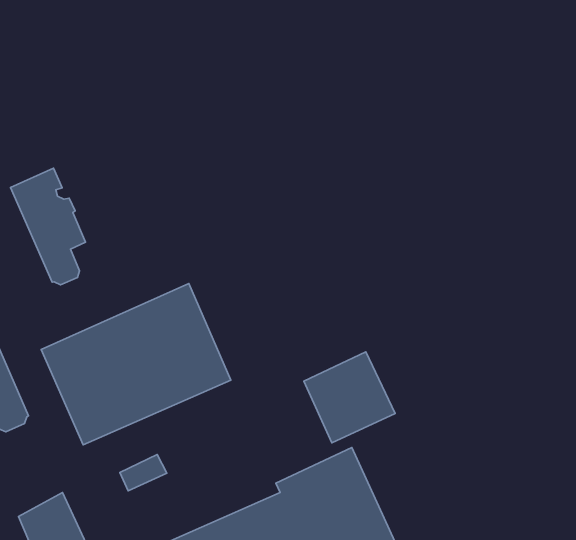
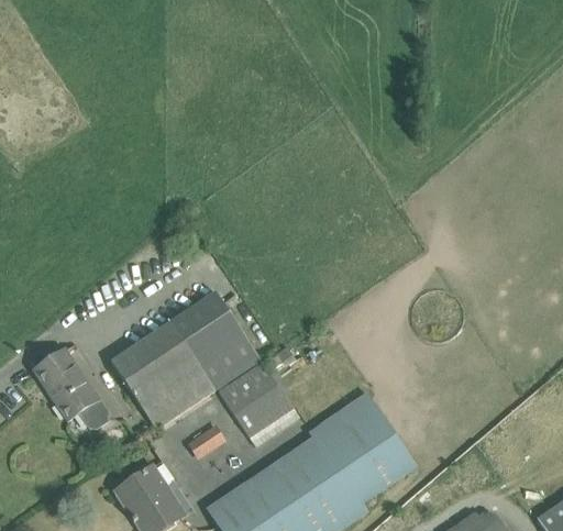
building: [10,168,86,285] -> none
building: [304,352,395,443] -> [219,361,294,435]

